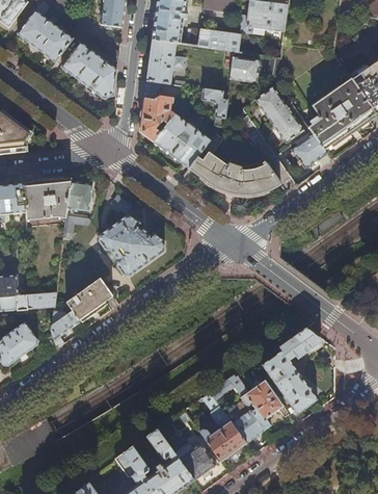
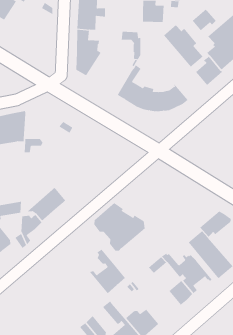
building: [62,42,117,97] -> none
building: none -> [192,8,217,31]
building: [154,112,211,167] -> none
building: [69,181,93,209] -> none
building: [100,213,165,276] -> [93,203,145,251]
building: [200,402,246,461] -> [89,249,126,294]

